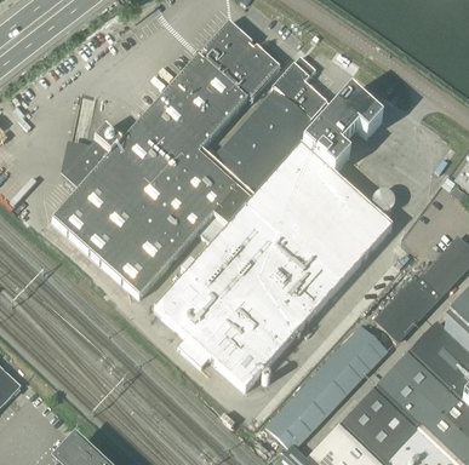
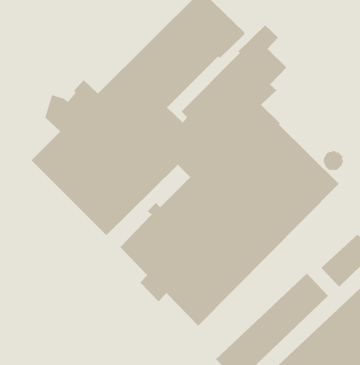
building: [303,90,383,172] -> none

